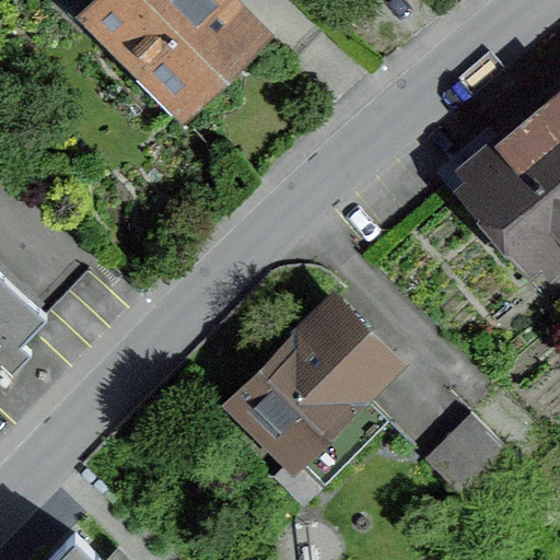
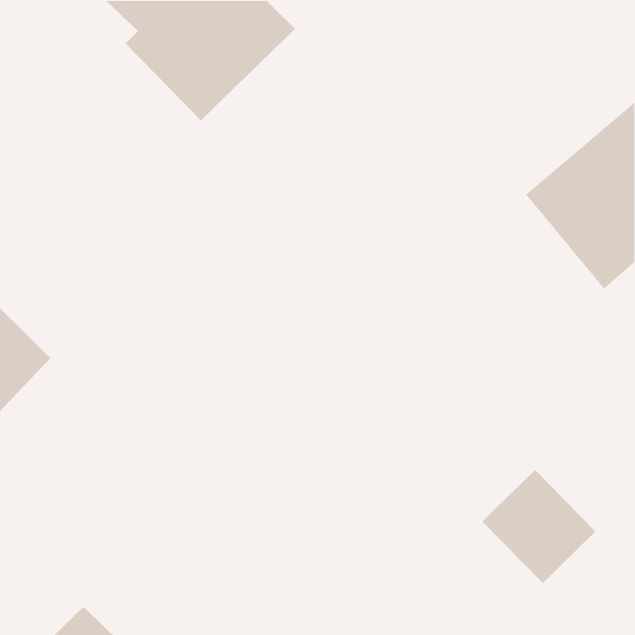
building: [237,304,389,483] -> none

